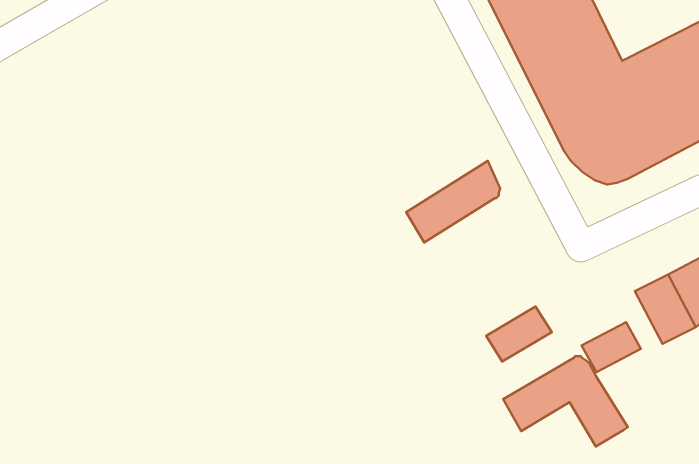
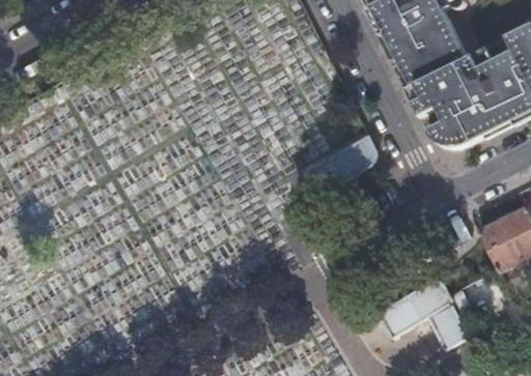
building: [486,306,552,362] -> none
building: [582,322,641,372] -> none

